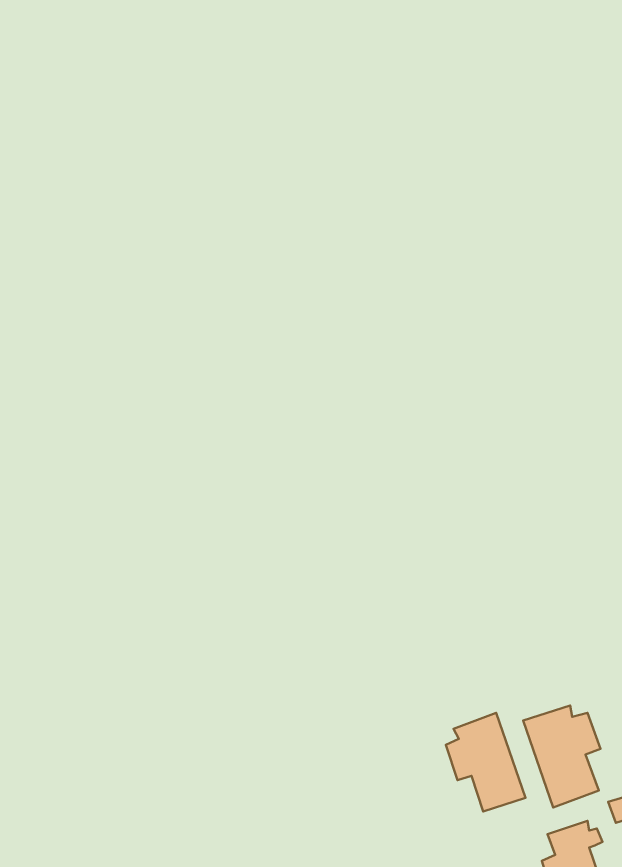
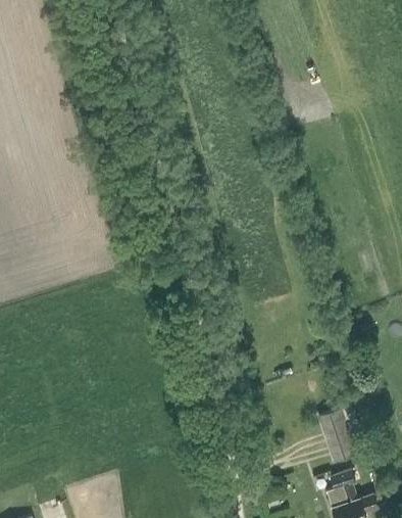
building: [446,713,526,811] -> none

